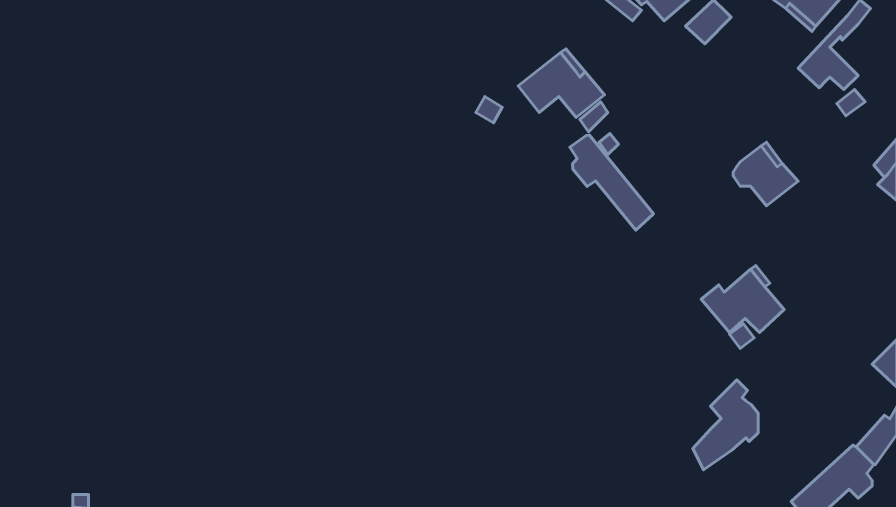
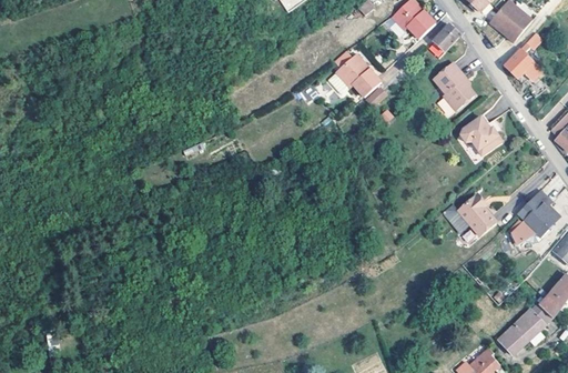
building: none -> [435,62,475,110]
building: [570,135,653,230] -> none
building: [693,380,758,470] -> [511,189,552,245]

